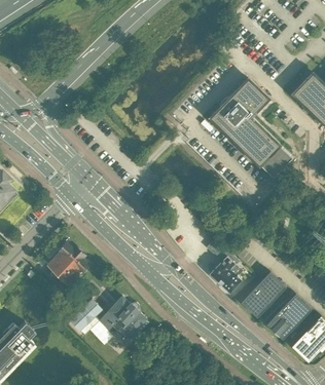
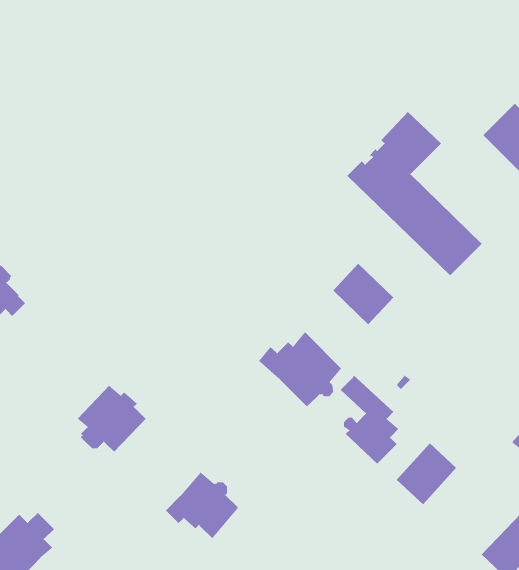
building: none -> [332,263,394,325]
building: none -> [258,331,343,407]
building: [71,299,103,331] -> none
building: [268,302,305,340] -> none

